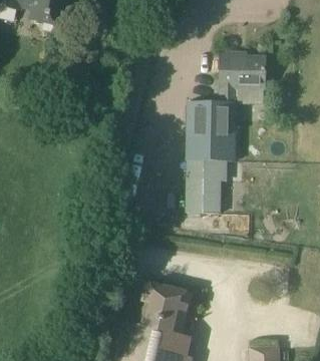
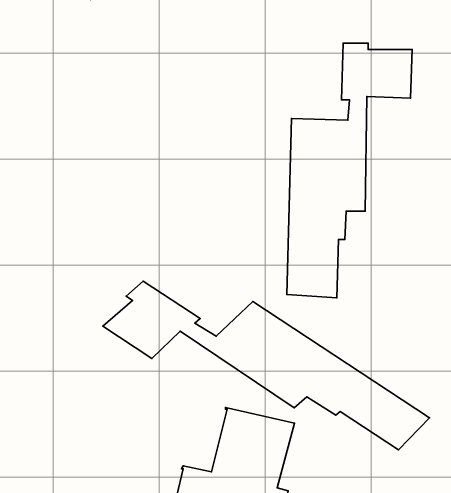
building: none -> [103,281,429,450]

